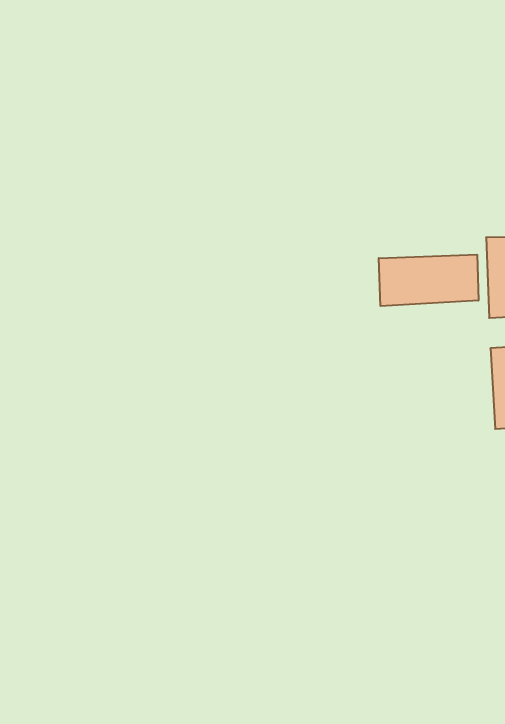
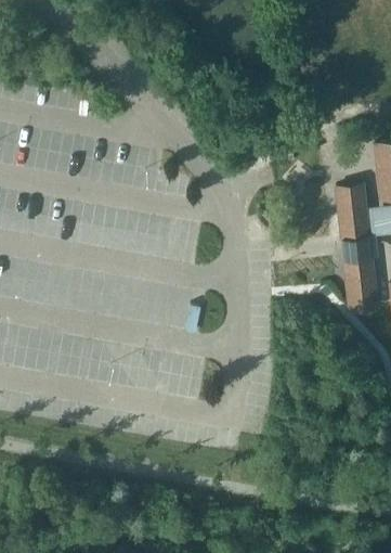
building: [379,255,478,306] -> none

